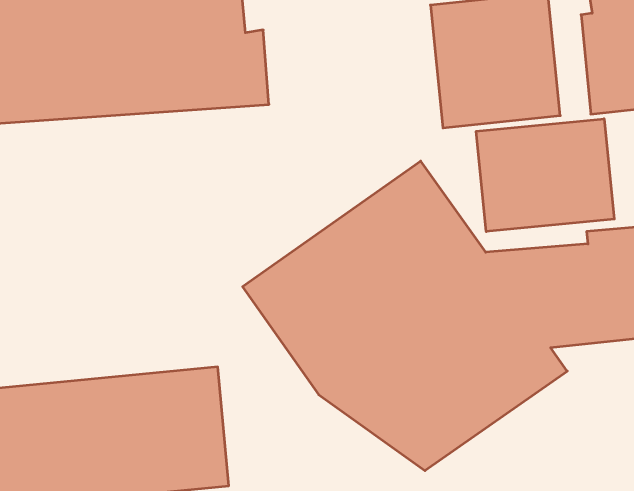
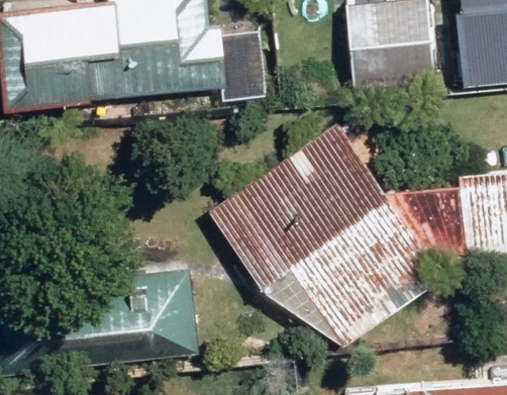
building: [476,119,614,232] -> none

